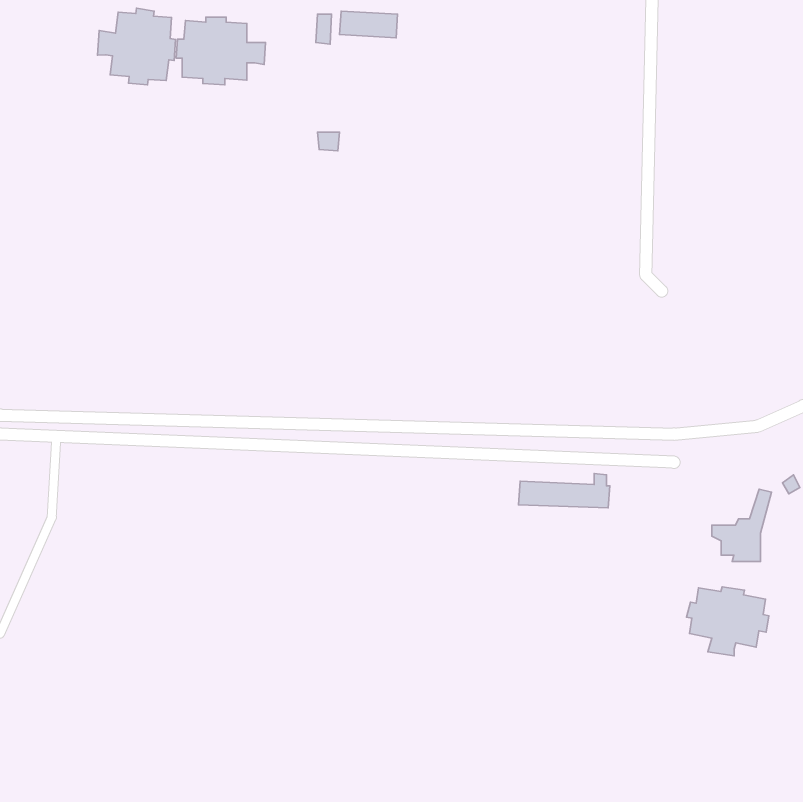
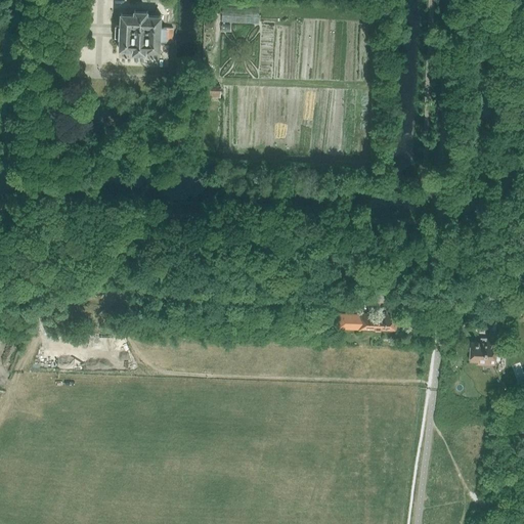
building: [97,8,176,85] -> none
building: [686,587,769,656] -> none

